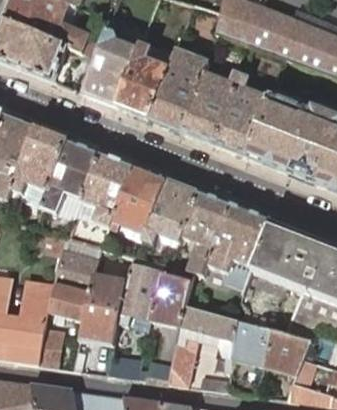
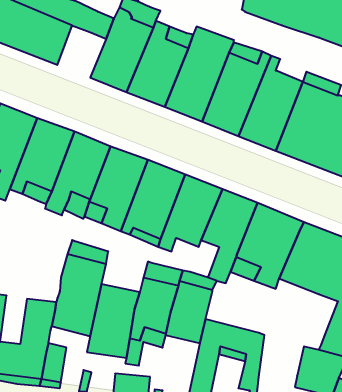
building: [232,321,272,367] -> none

